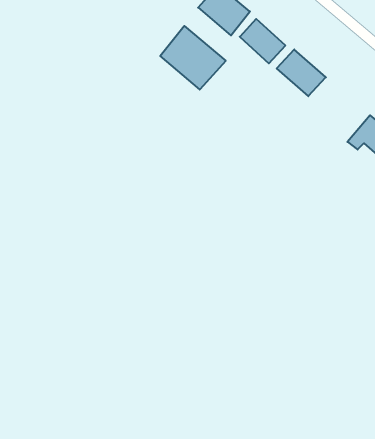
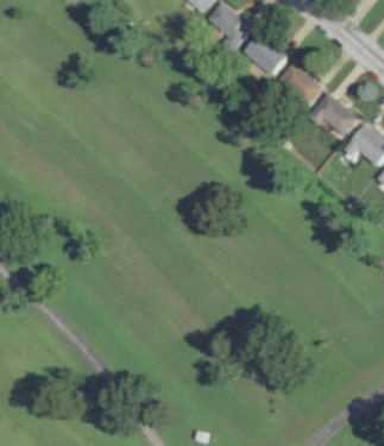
building: [160,26,226,90] -> none
building: none -> [307,92,359,136]

